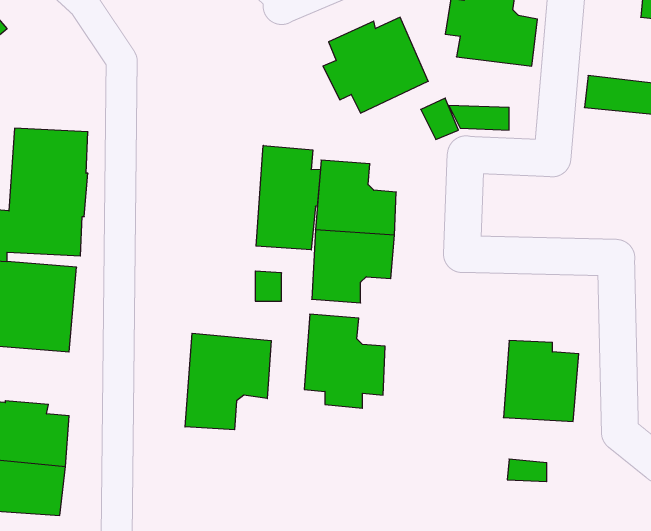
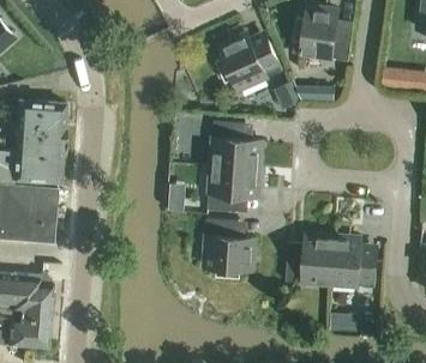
building: [256,145,320,250] -> none
building: [185,333,271,430] -> none
building: none -> [286,234,334,285]

